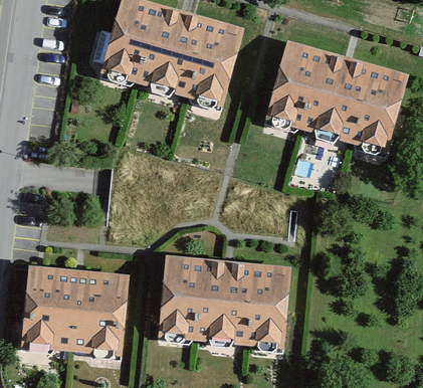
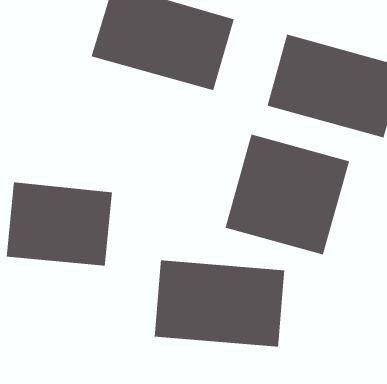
building: none -> [225,133,350,256]
building: [21,267,124,349] -> [6,181,113,267]

